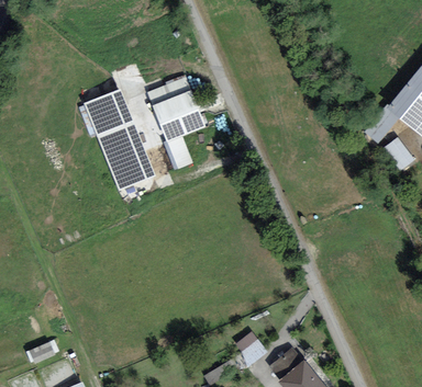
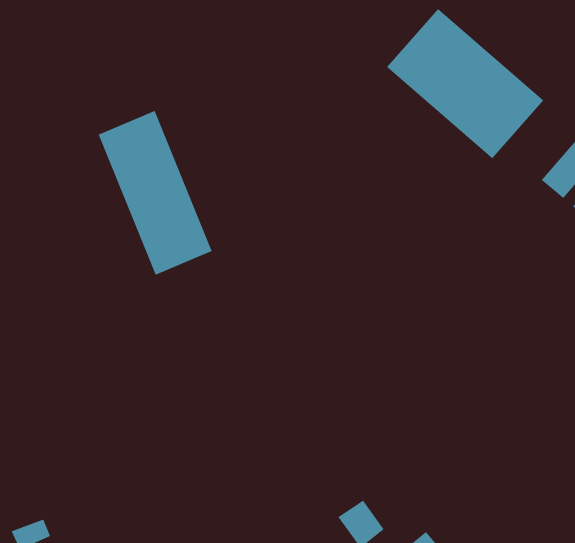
building: none -> [386,8,544,159]
building: [147,77,206,170] -> none

